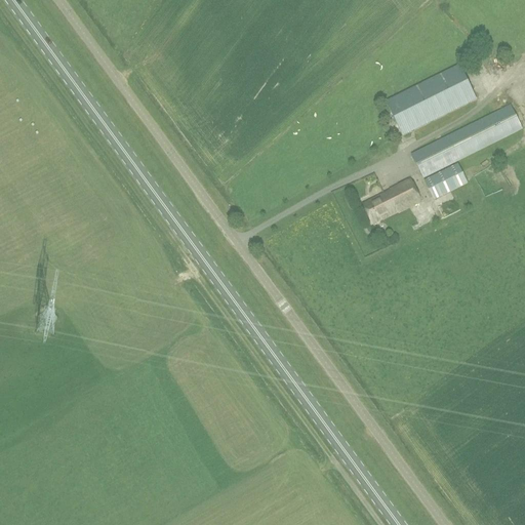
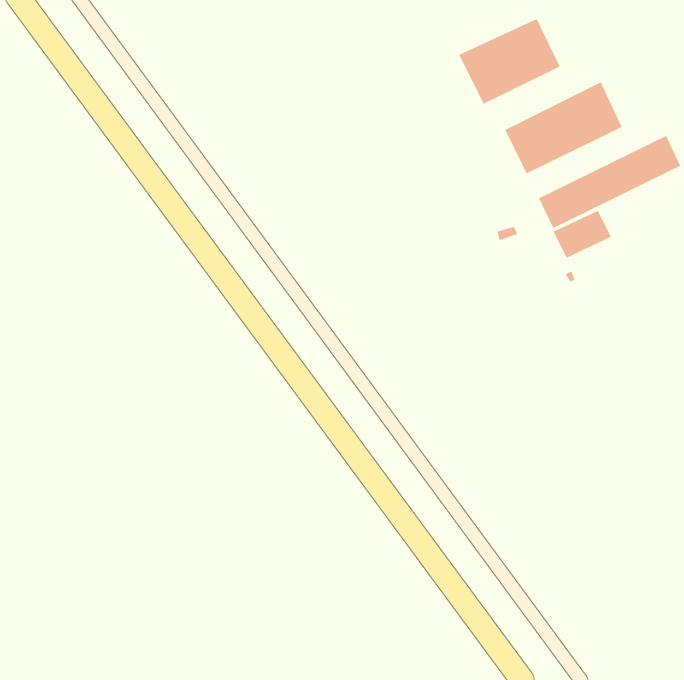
building: none -> [459,18,561,105]
building: [362,176,421,223] -> none

